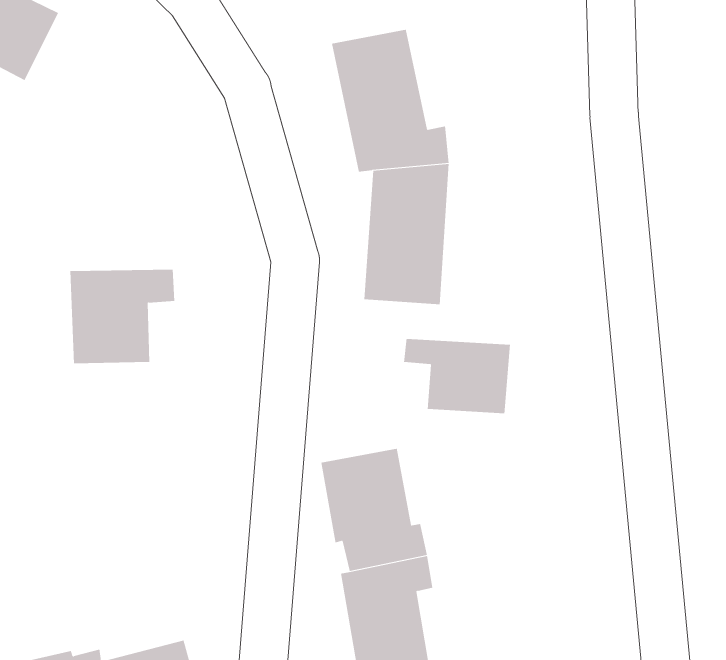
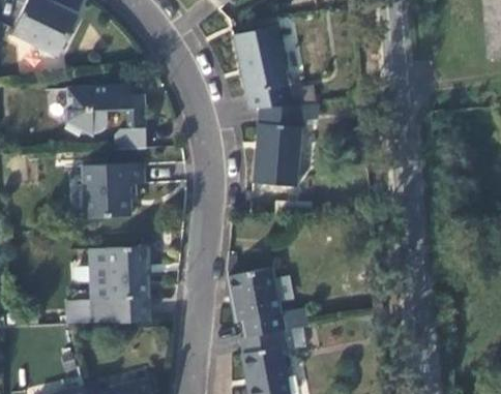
building: none -> [63,86,147,149]
building: [403,338,511,414] -> none
building: none -> [66,247,149,325]

